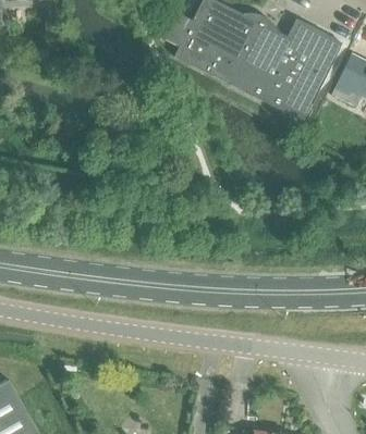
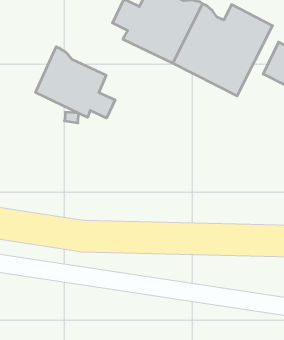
building: none -> [36,47,115,118]

